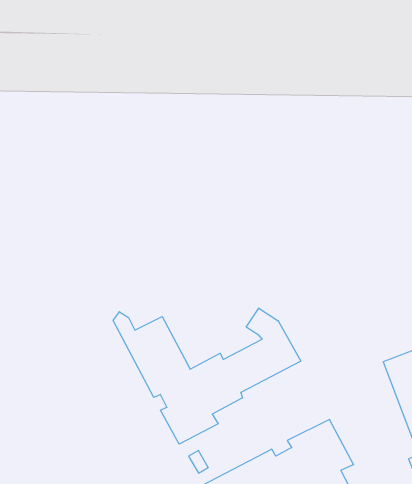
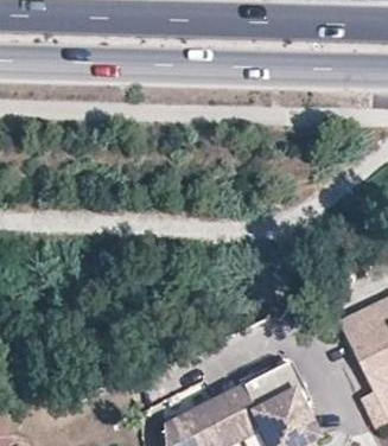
building: [113,308,301,444] -> none

